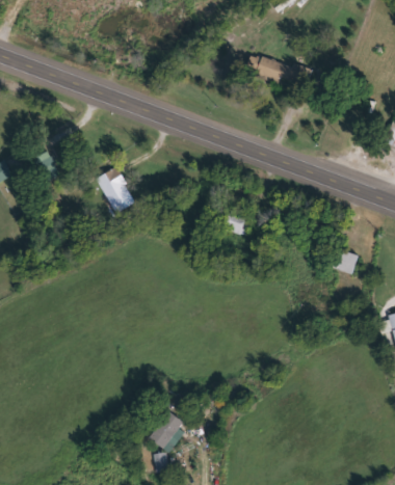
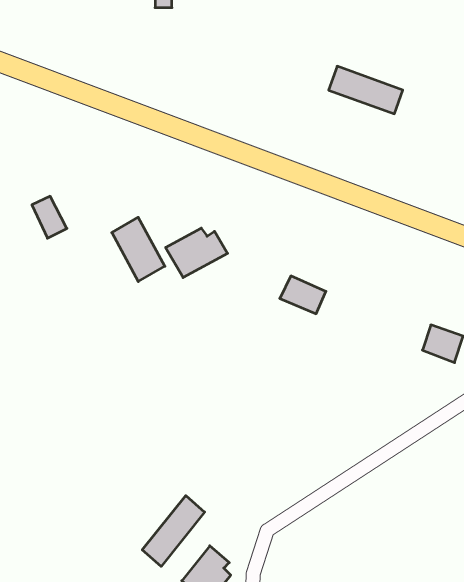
building: none -> [166,228,228,278]
building: none -> [142,496,205,566]

